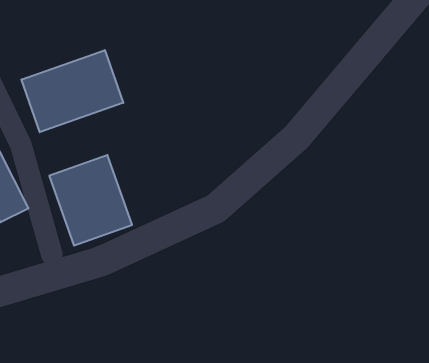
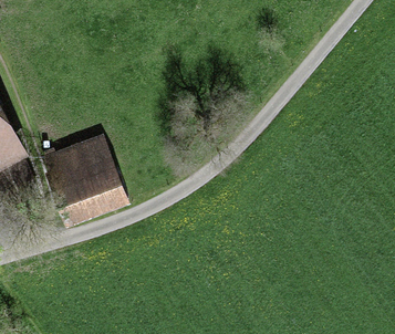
building: [21,50,123,132] -> none

